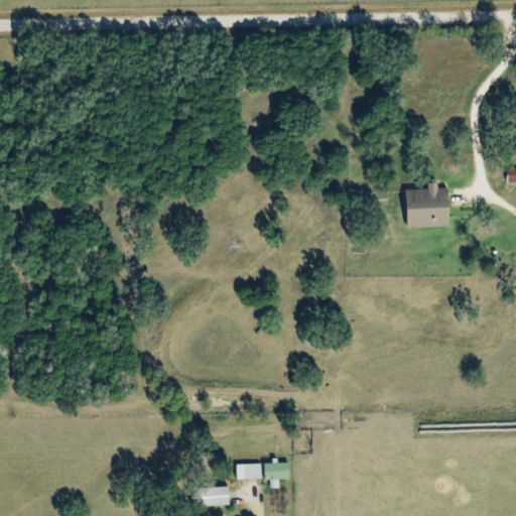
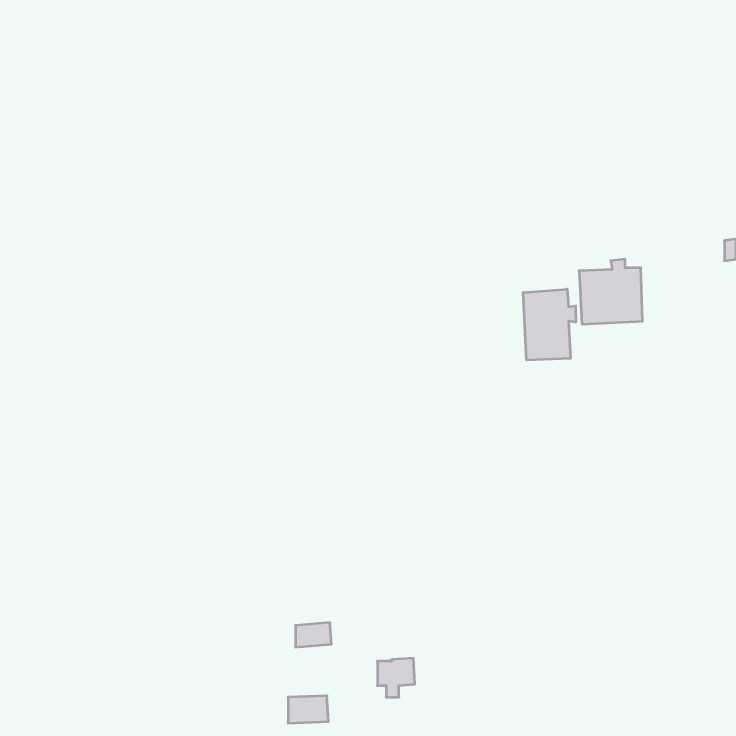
building: none -> [523,289,576,360]
building: [237,463,262,480] -> [295,623,331,647]

